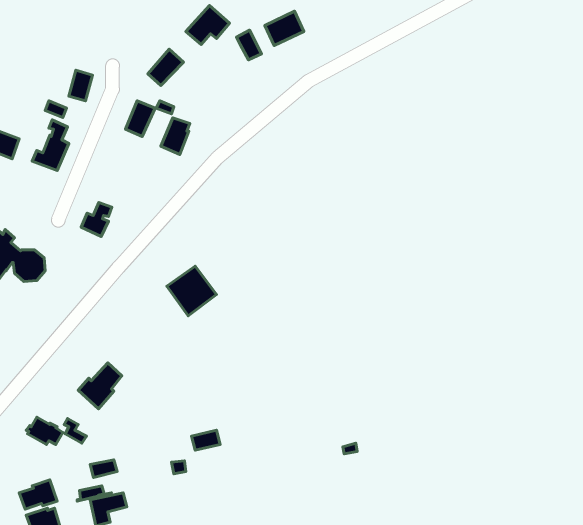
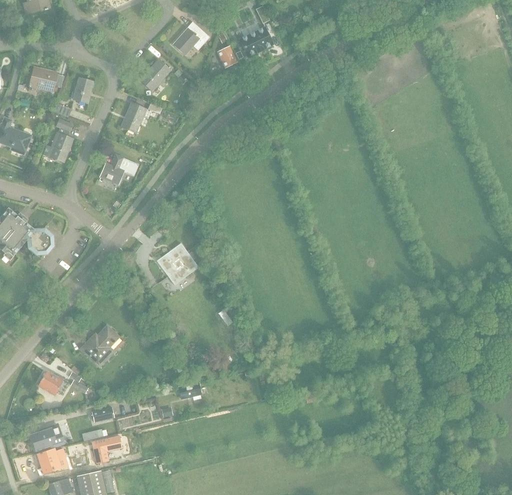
building: none -> [27,66,62,92]
building: [161,118,190,154] -> none
building: [81,202,112,237] -> [99,155,125,184]

